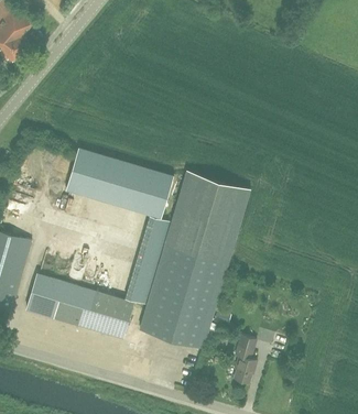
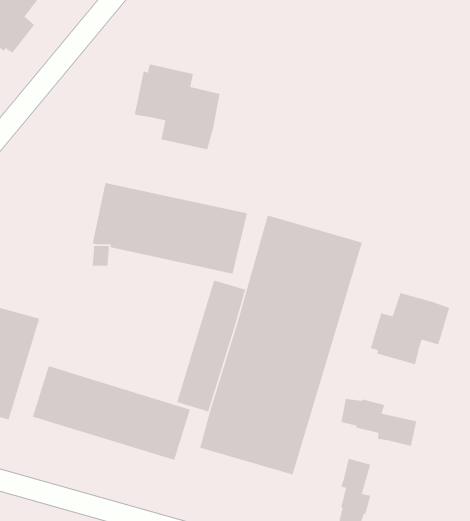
building: none -> [134,63,220,150]
building: none -> [370,292,450,365]
building: none -> [341,398,417,447]

